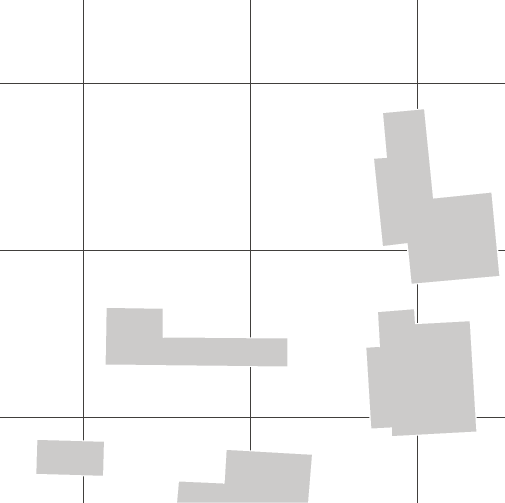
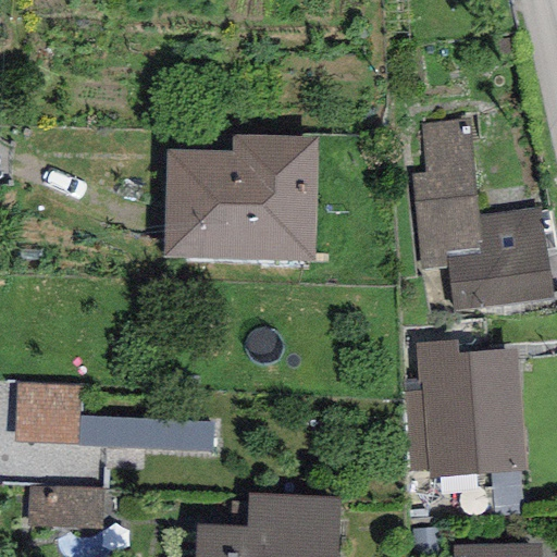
building: none -> [164,136,315,263]
building: [105,308,288,367] -> [28,379,230,444]

